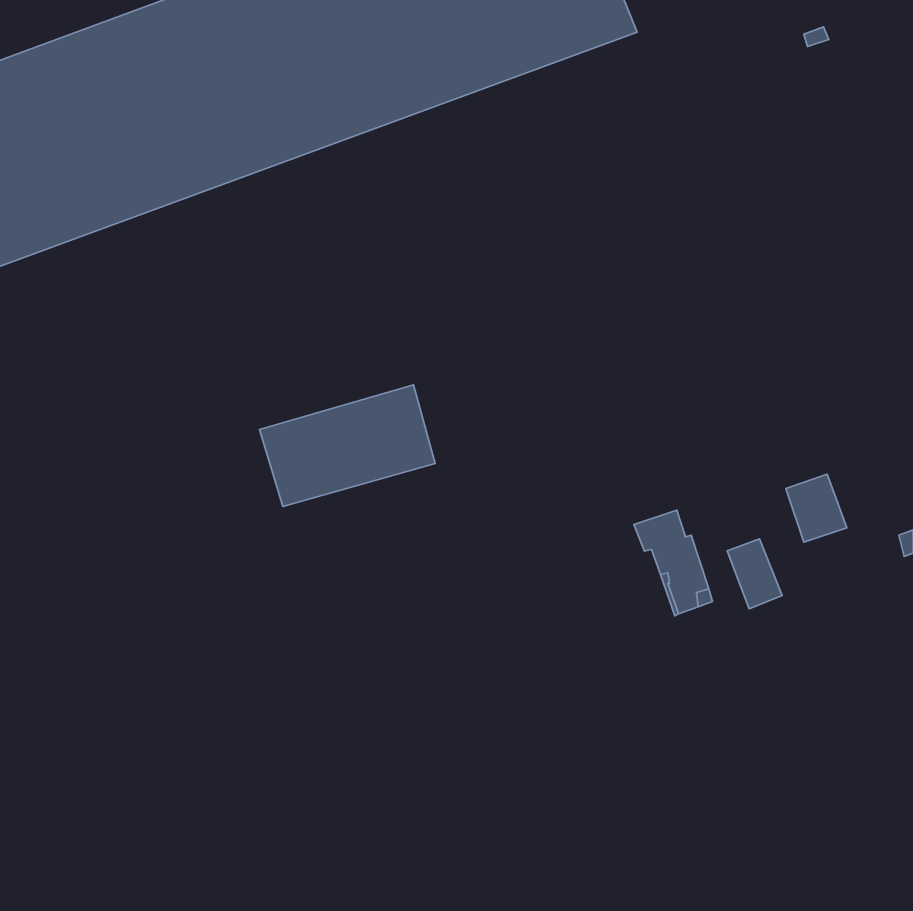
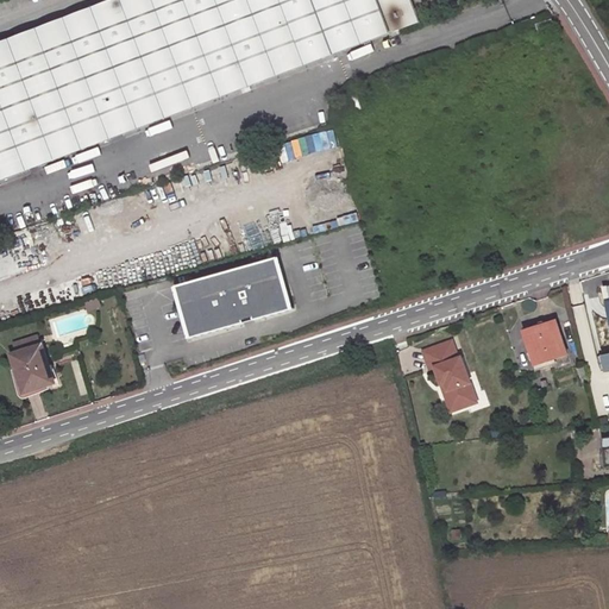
building: none -> [11,335,52,390]
building: [727,539,782,609] -> none

